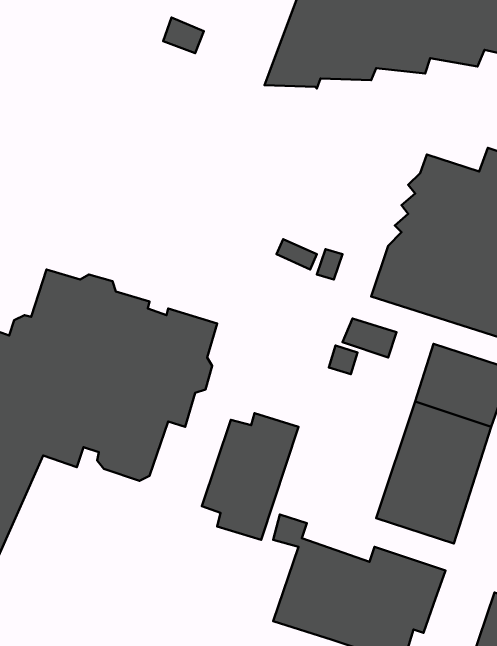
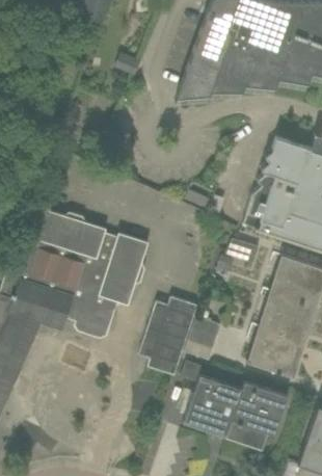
building: none -> [184,317,219,360]

